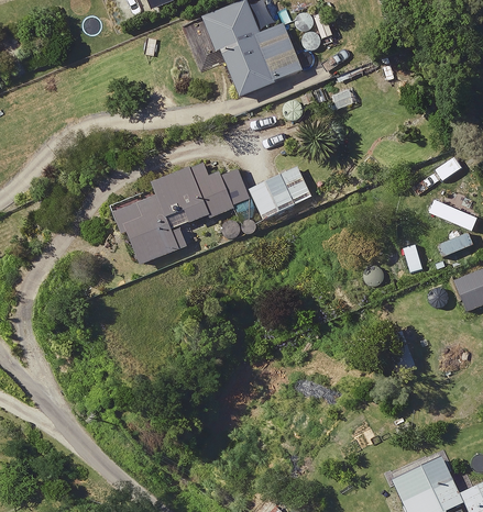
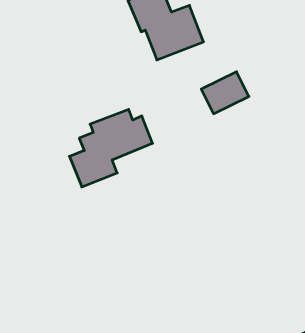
building: [249,166,312,222] -> [201,72,249,114]

